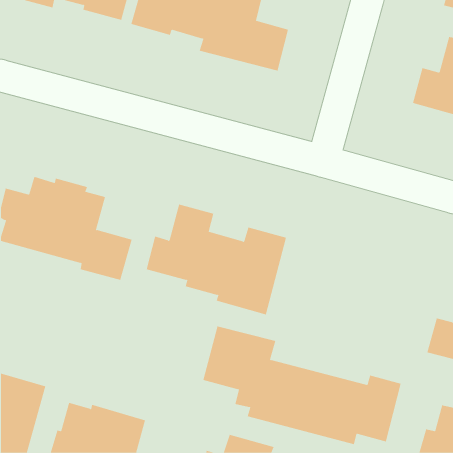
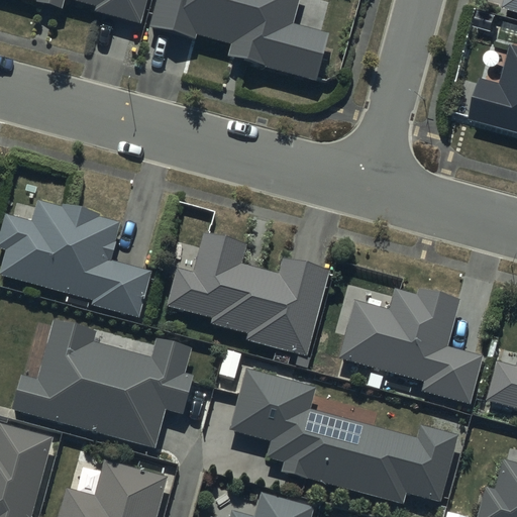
building: none -> [338,289,482,404]
building: none -> [12,322,193,448]

